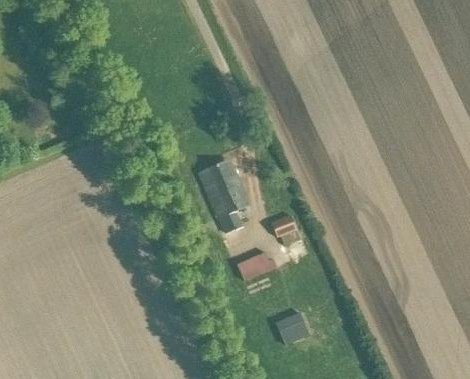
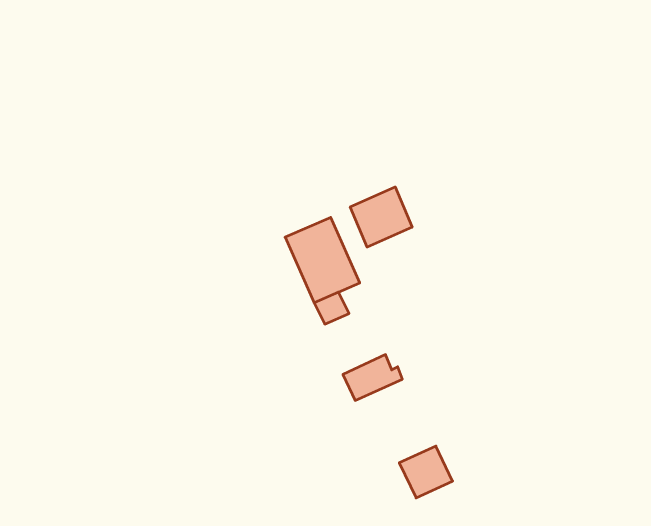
building: none -> [350,187,412,247]
building: [270,213,300,245] -> none

